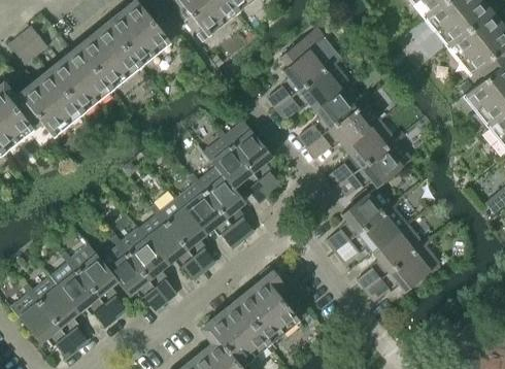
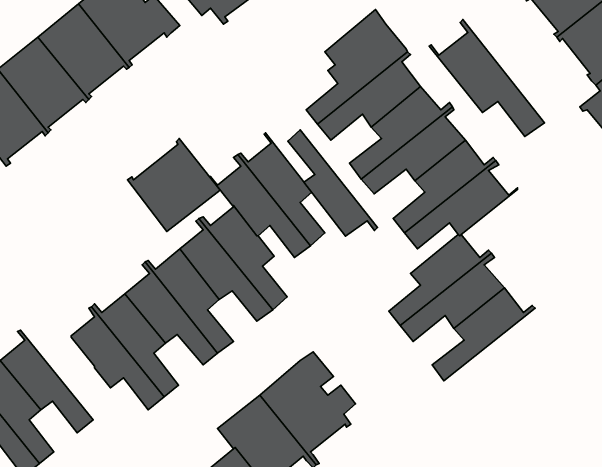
building: none -> [429,19,545,137]
building: none -> [288,130,378,236]
building: none -> [128,139,220,232]
building: [64,238,126,318] -> none
building: [365,239,445,301] -> none

